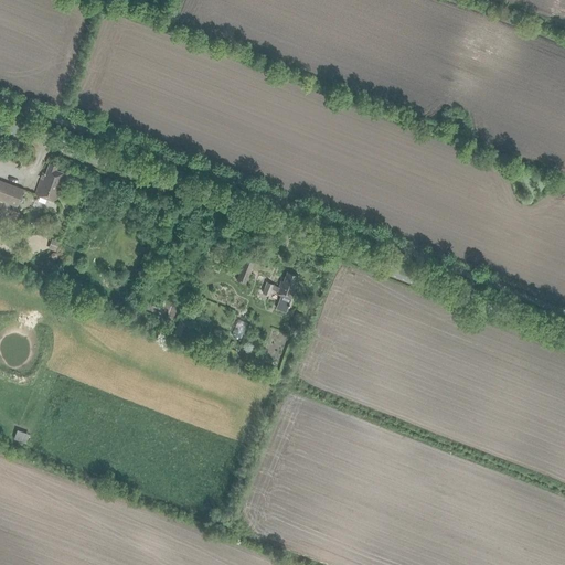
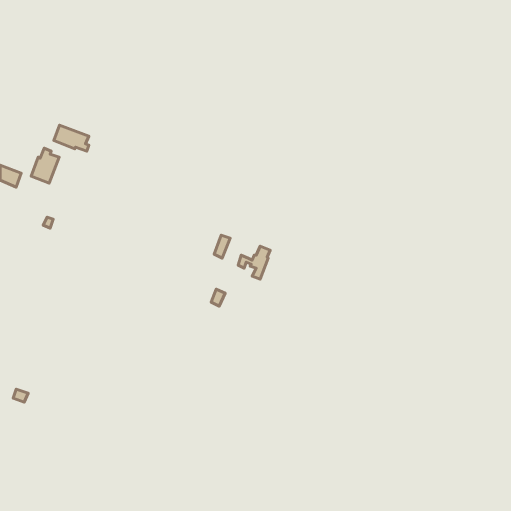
building: none -> [54,125,89,151]

